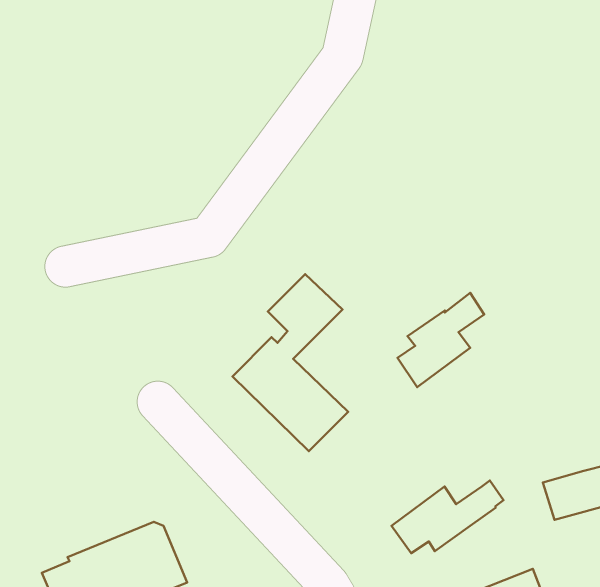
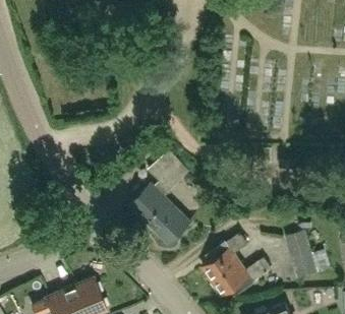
building: [398,293,484,387] -> [202,232,246,280]
building: none -> [284,230,311,258]

